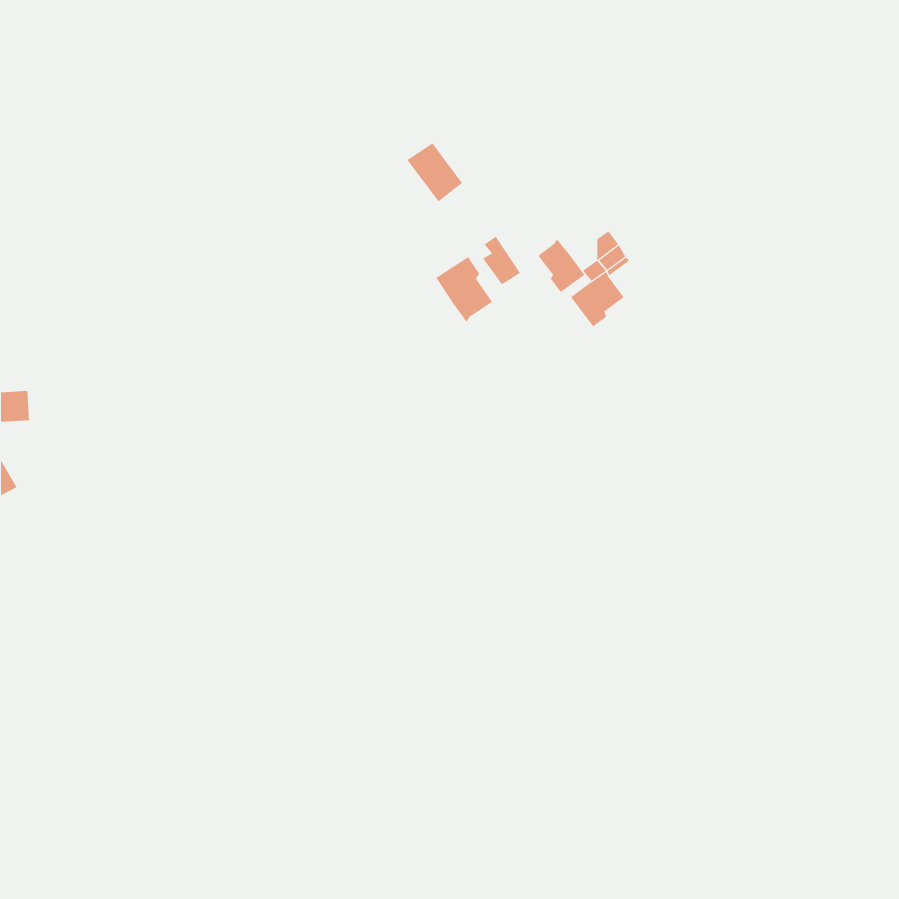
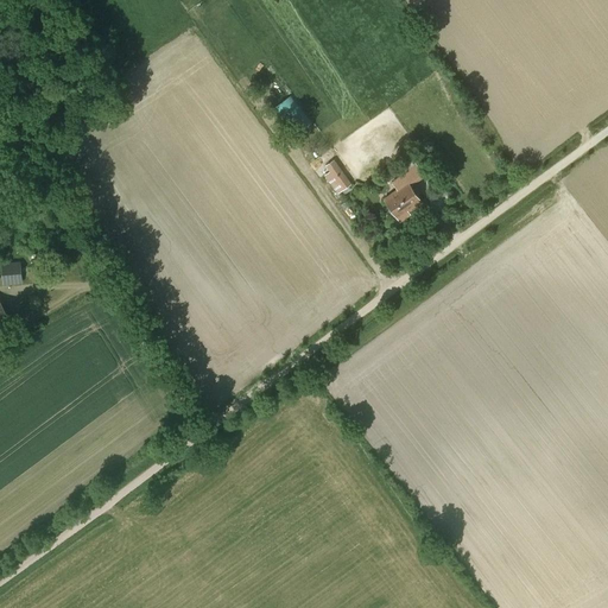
building: [538,239,585,293] -> none
building: [435,256,493,322] -> none

